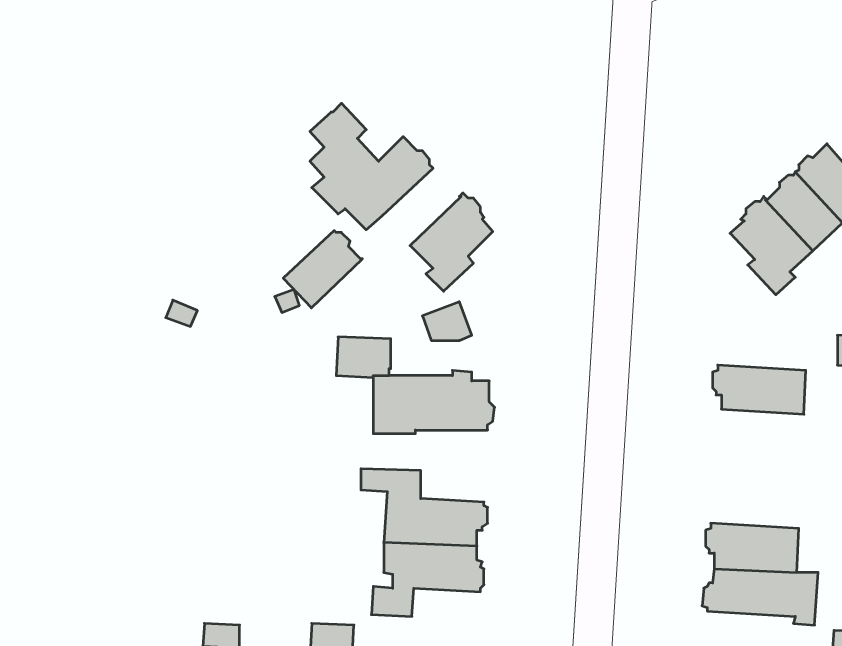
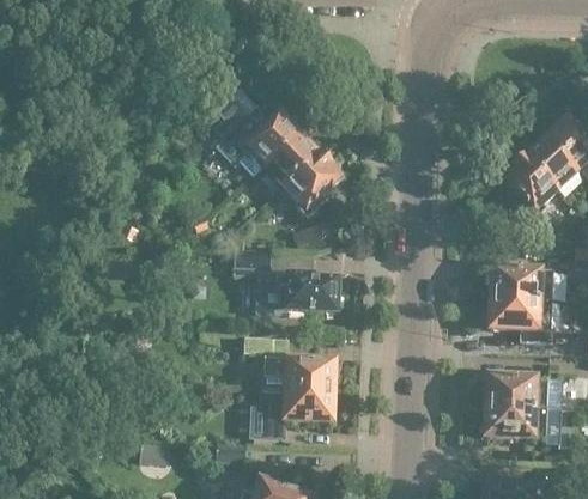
building: [283,231,362,308] -> [265,133,319,185]
building: none -> [489,297,552,342]

